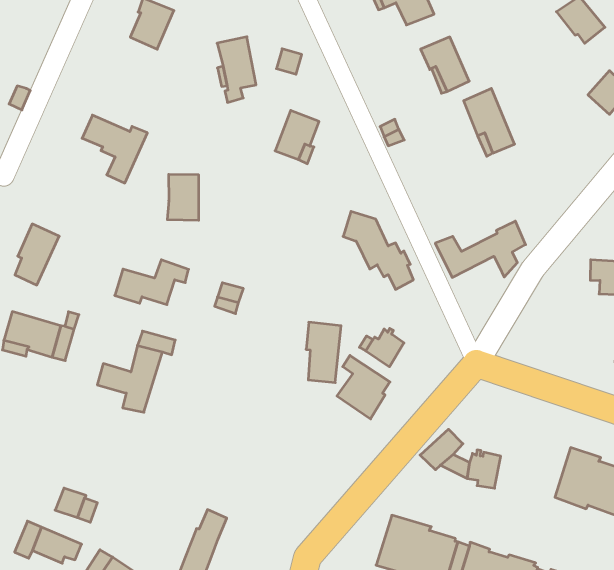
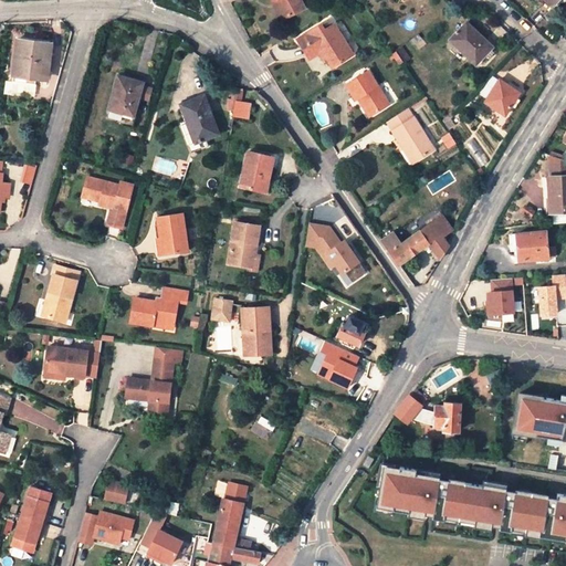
building: none -> [228,221,260,265]
building: none -> [489,277,512,313]
building: [306,322,341,383] -> [241,307,270,355]

